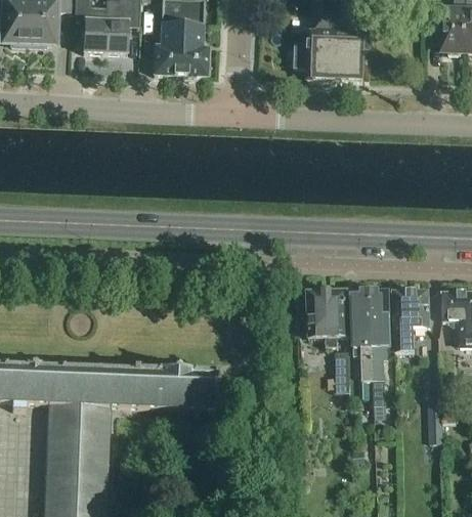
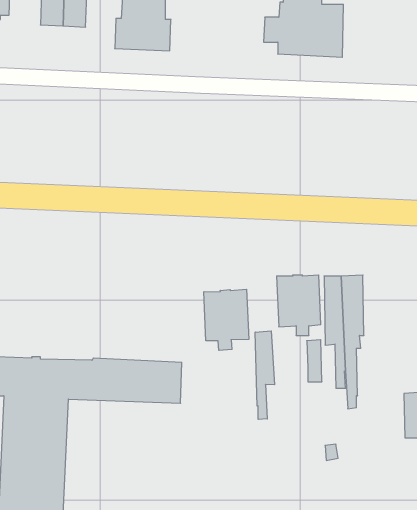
building: [393,290,430,351] -> none
building: none -> [204,289,249,350]
building: none -> [255,331,274,419]

